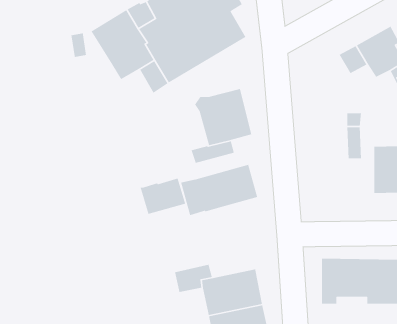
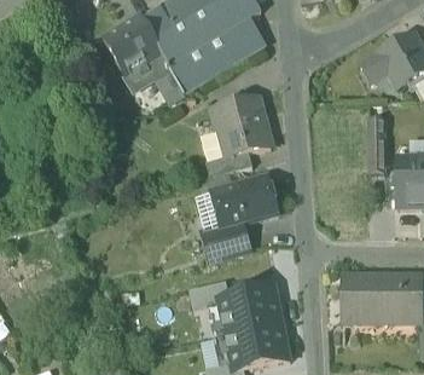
building: [140,178,186,215] -> [202,220,250,259]

